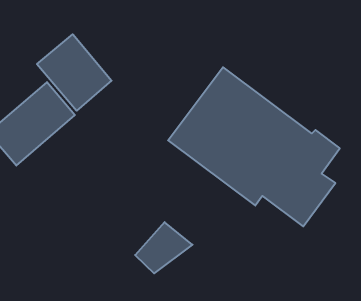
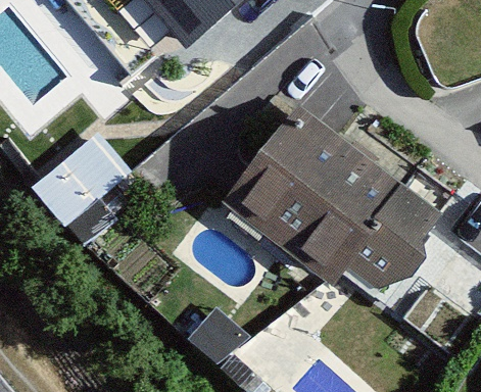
building: [37,34,112,111] -> none

